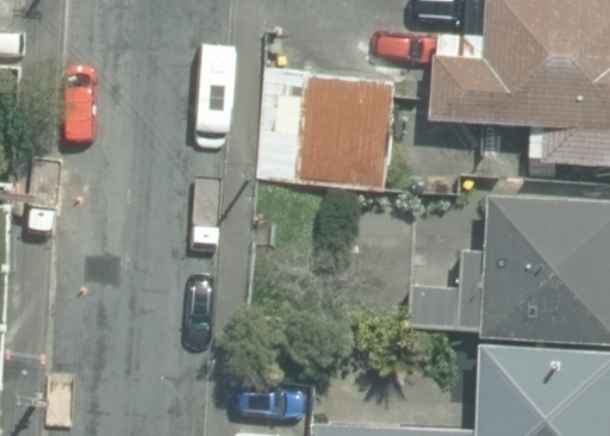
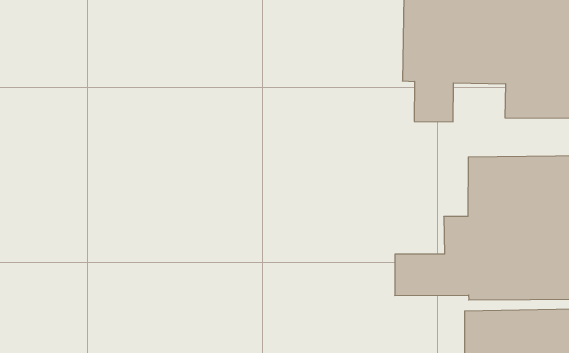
building: [261,69,400,189] -> none

